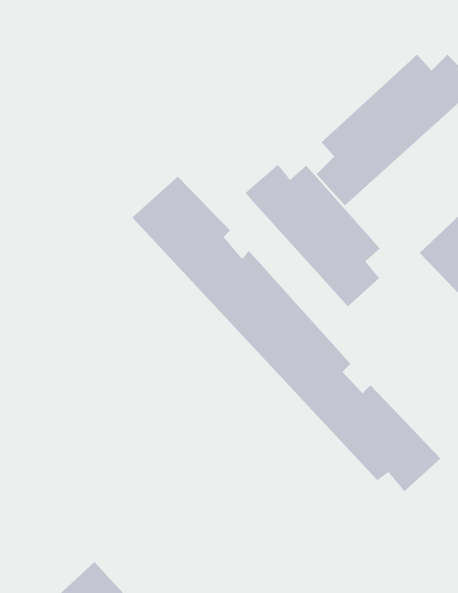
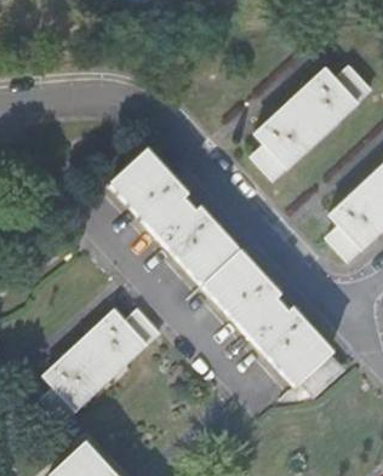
building: [245,164,380,307] -> none
building: none -> [40,308,162,424]

